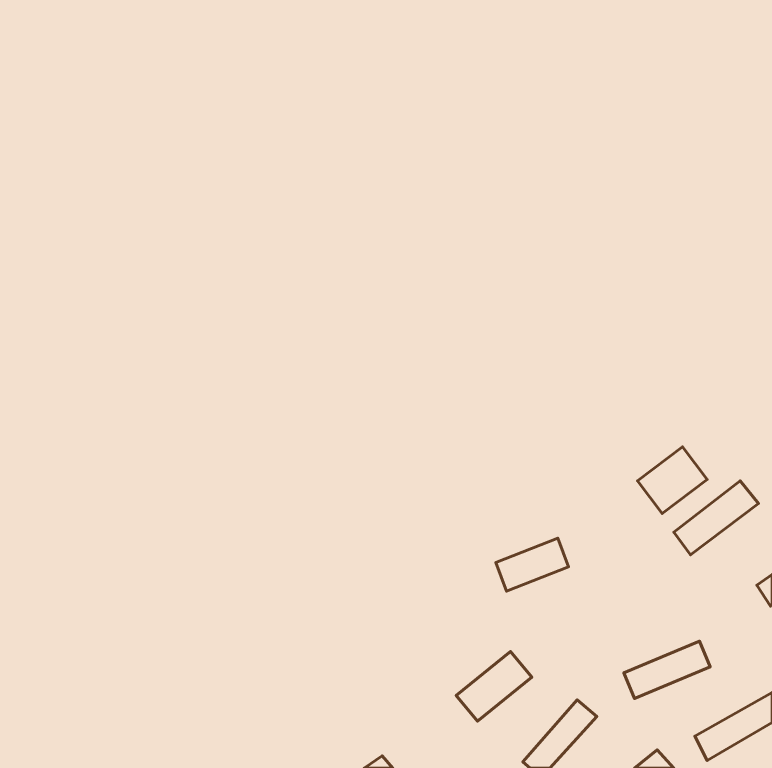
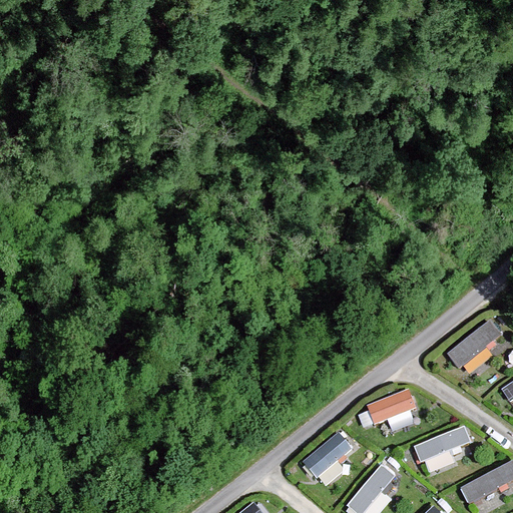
building: [638,447,707,514] -> none
building: [496,538,568,591] -> [368,389,416,424]

